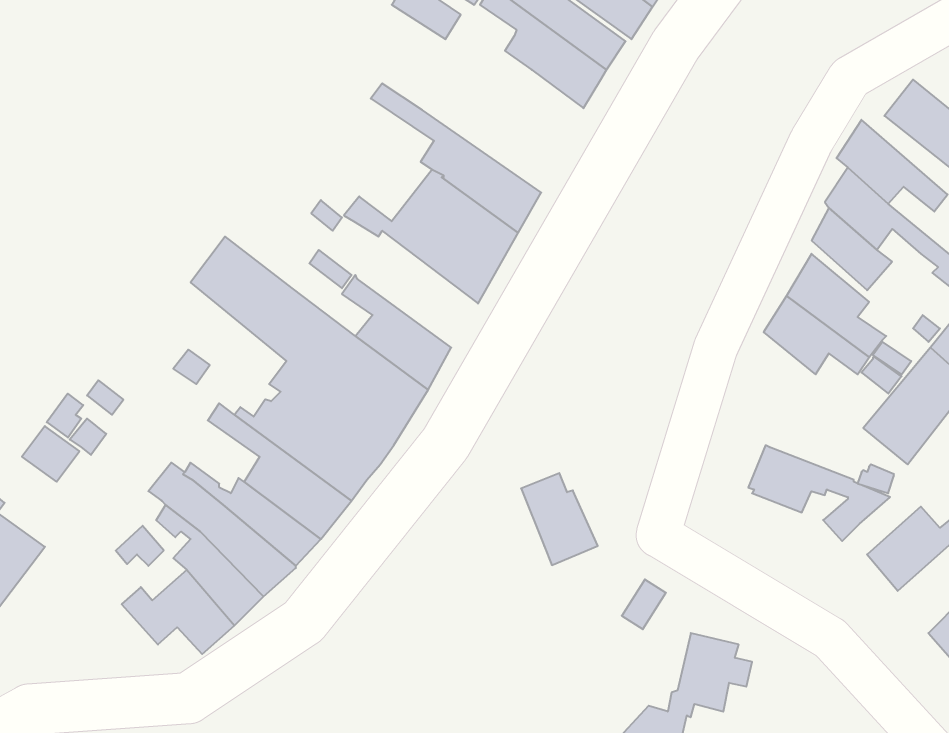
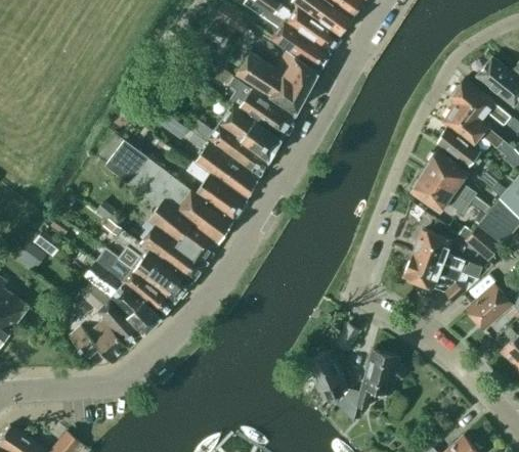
building: none -> [236,51,315,112]
building: none -> [187,132,258,199]
building: none -> [415,229,463,270]
building: [521,473,598,565] -> [307,351,348,400]

